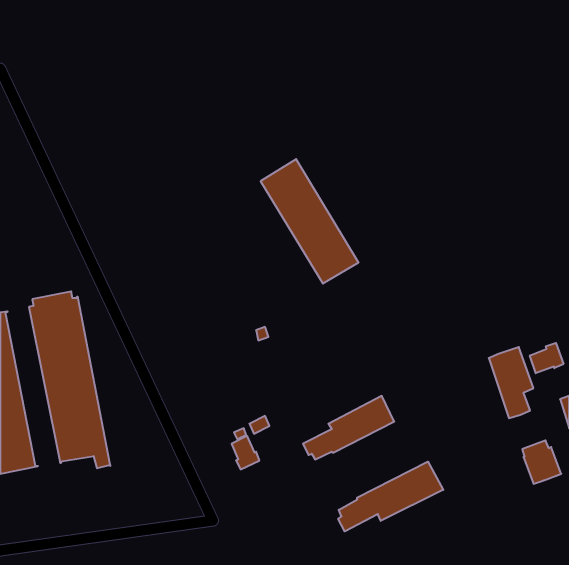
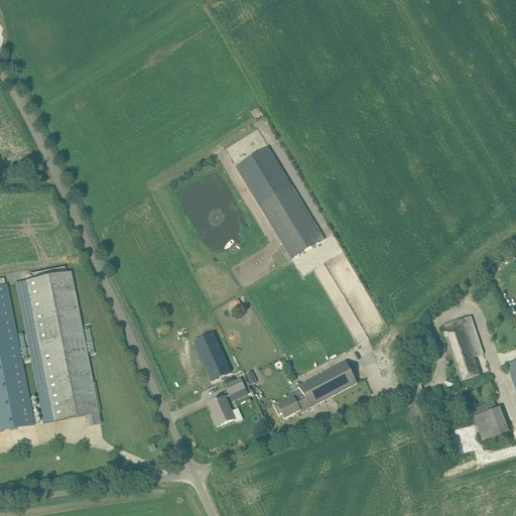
building: [530,343,563,373] -> none
building: none -> [195,333,231,380]
building: [338,462,443,531] -> none

